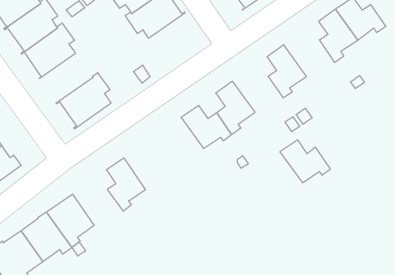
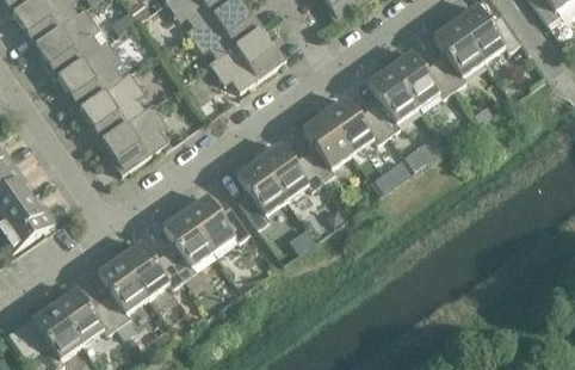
building: none -> [209,25,286,90]
building: none -> [389,50,453,106]
building: none -> [76,69,146,141]
building: none -> [236,159,286,227]
building: [280,140,330,183] -> [323,97,388,152]
building: none -> [185,195,249,251]
building: none -> [119,241,184,296]

